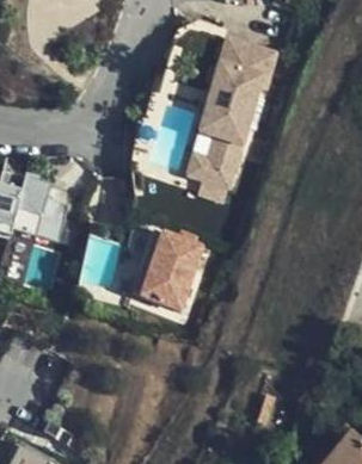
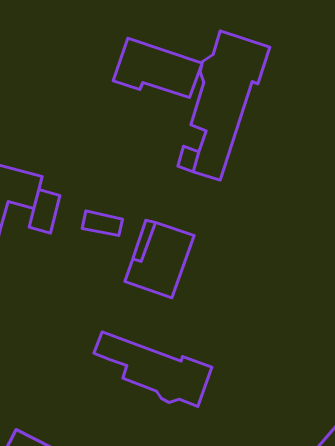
building: none -> [113,38,202,98]
building: none -> [94,332,212,407]

